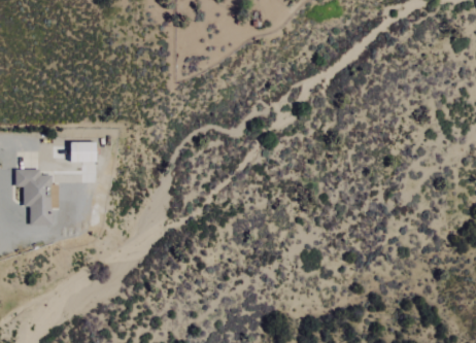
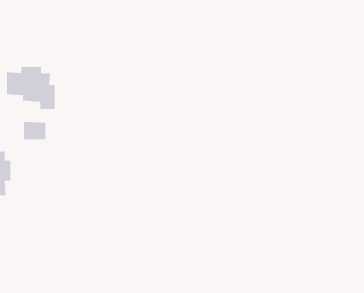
building: none -> [6,66,55,110]

